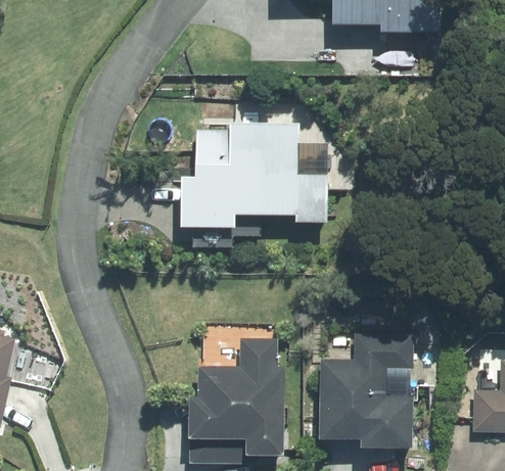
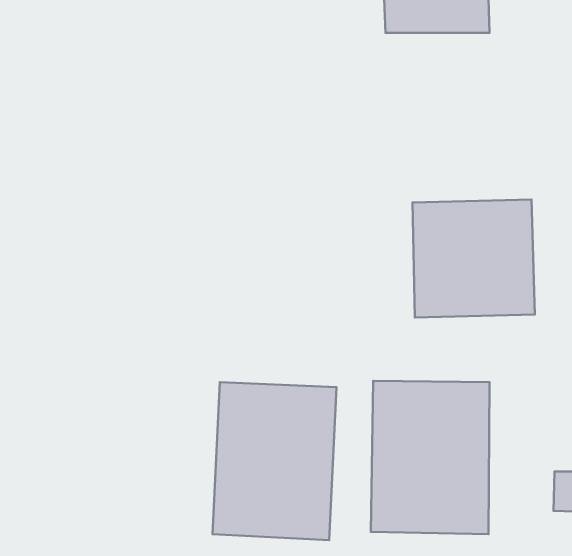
building: [183,129,325,225] -> none
building: none -> [413,199,535,318]

